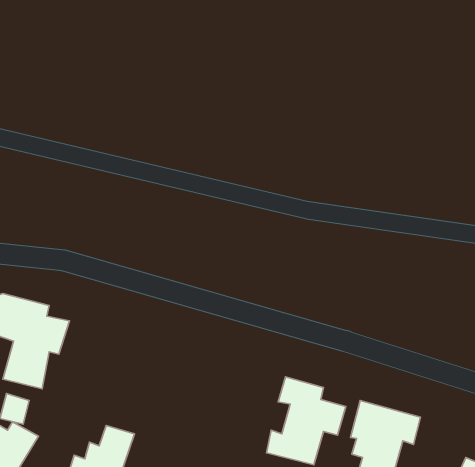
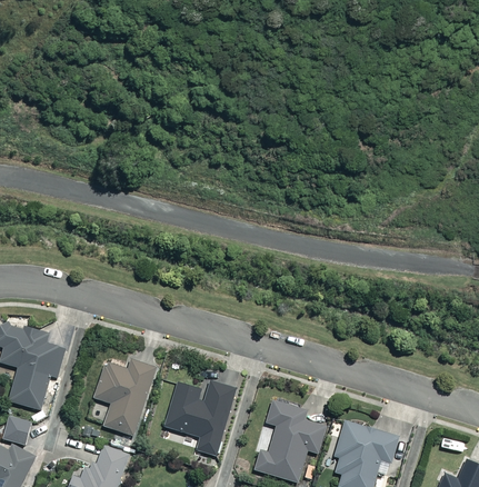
building: none -> [93,358,157,438]
building: none -> [163,377,237,455]

